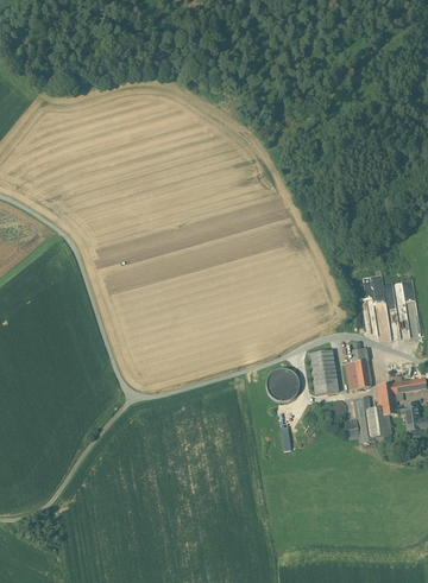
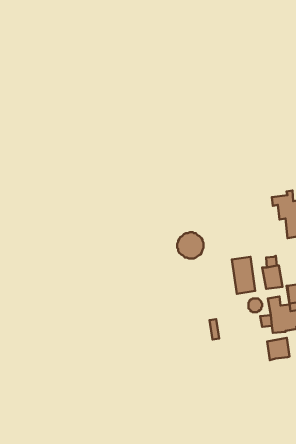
building: [266,368,298,400] -> [177,232,204,259]
building: none -> [267,338,290,360]

